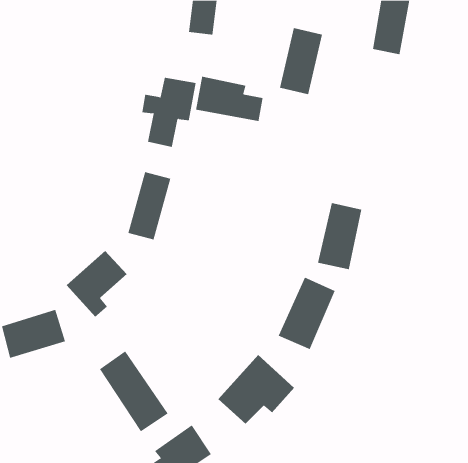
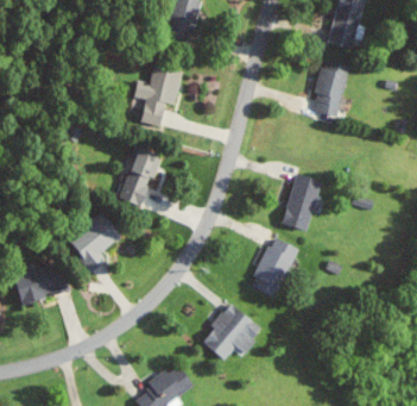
building: [279,27,323,95] -> [311,60,348,117]
building: [196,76,263,122] -> none
building: [99,351,168,432] -> none

